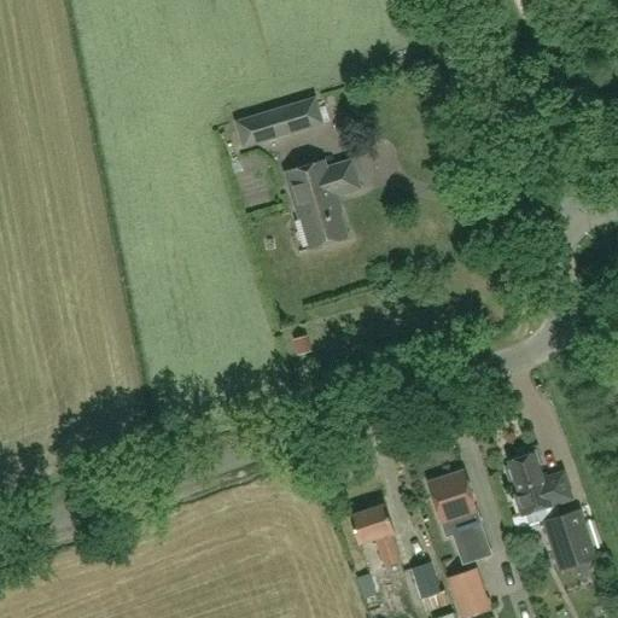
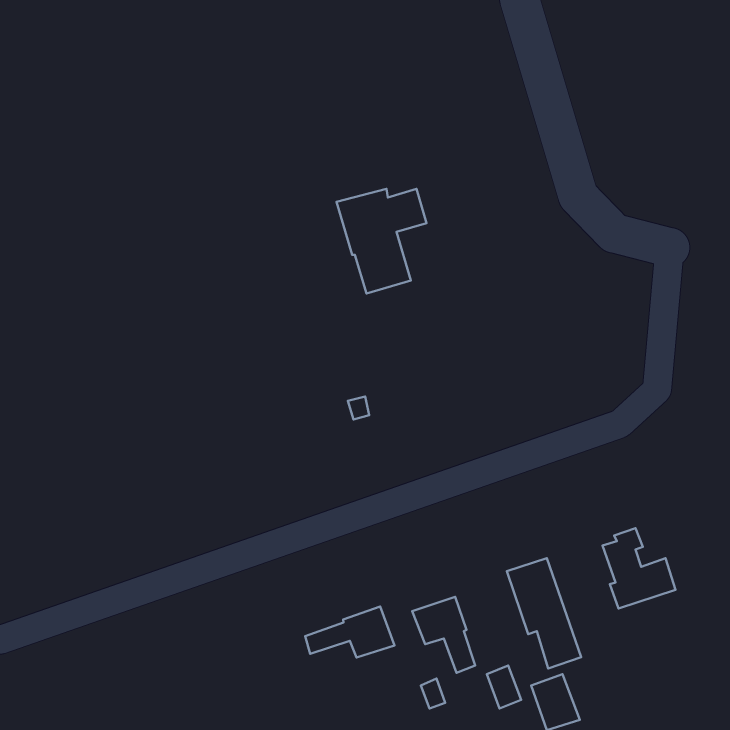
building: [237,101,309,147] -> none
building: [543,508,596,569] -> none
building: none -> [305,607,395,657]

